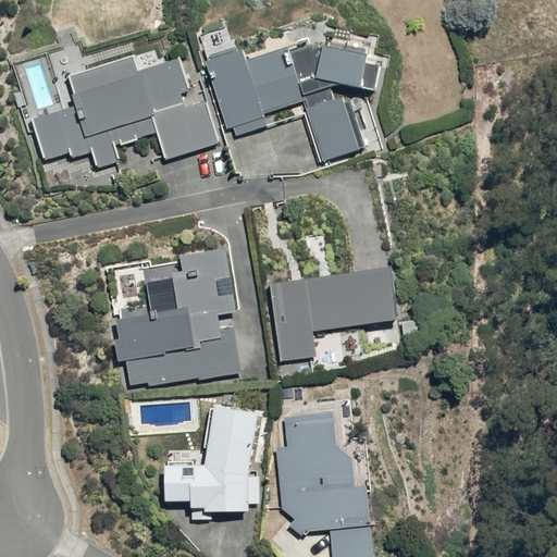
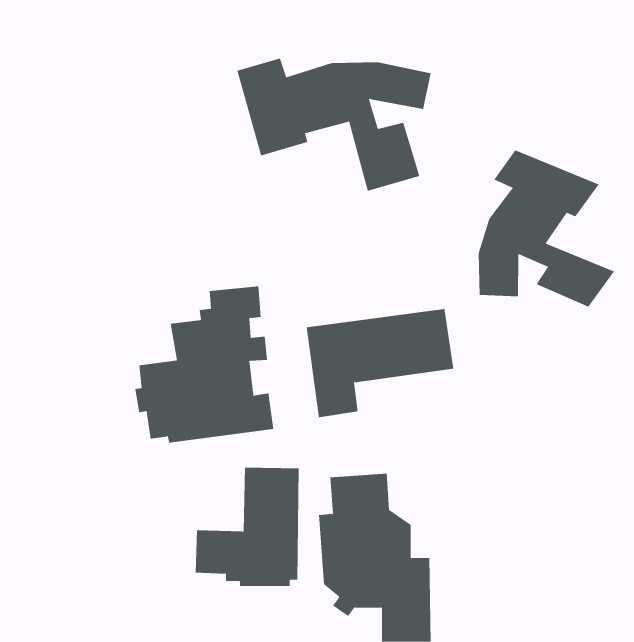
building: [35,61,218,171] -> none
building: none -> [478,149,615,307]

